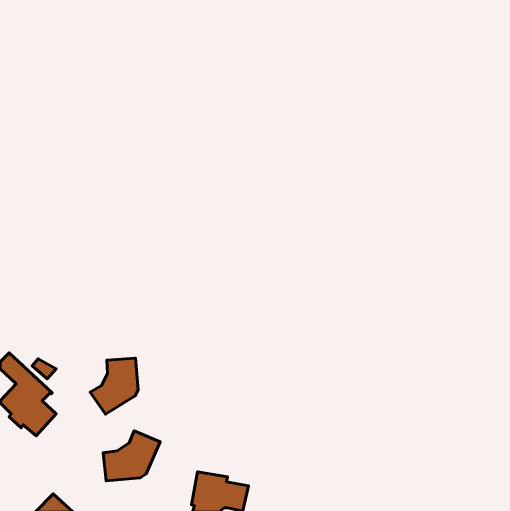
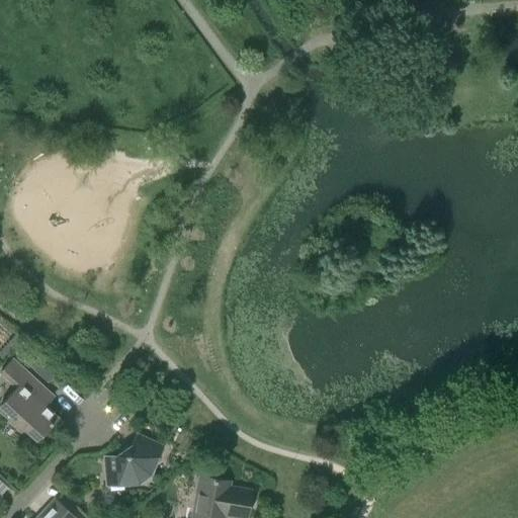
building: [90,358,138,414] -> none

